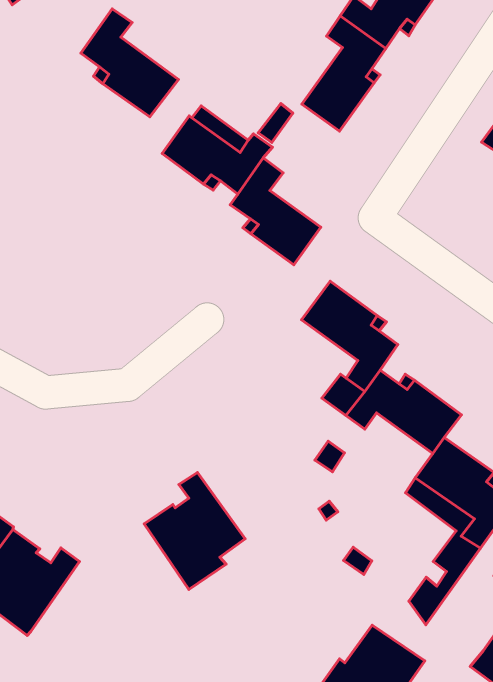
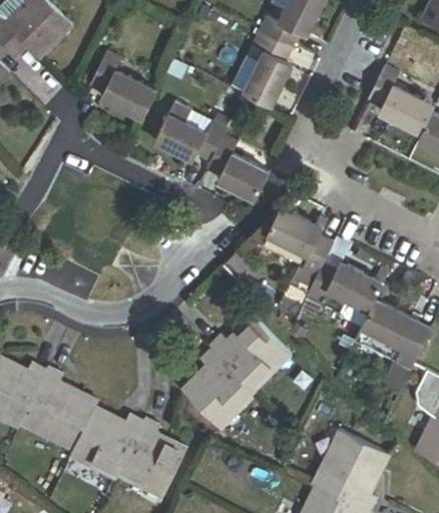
building: none -> [208,317,286,391]
building: none -> [118,419,187,493]

